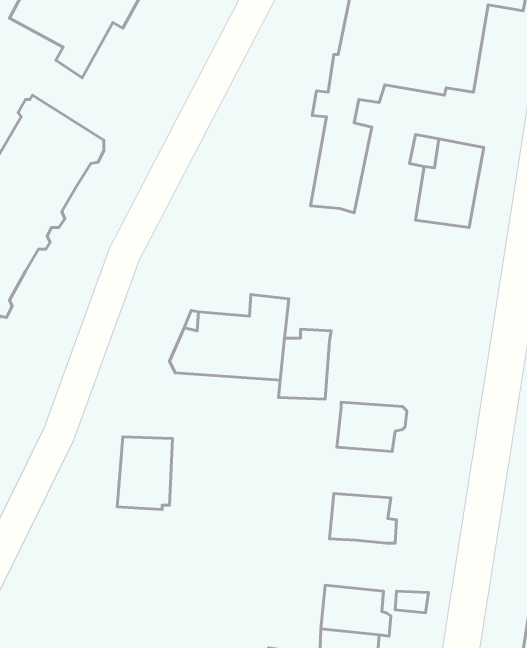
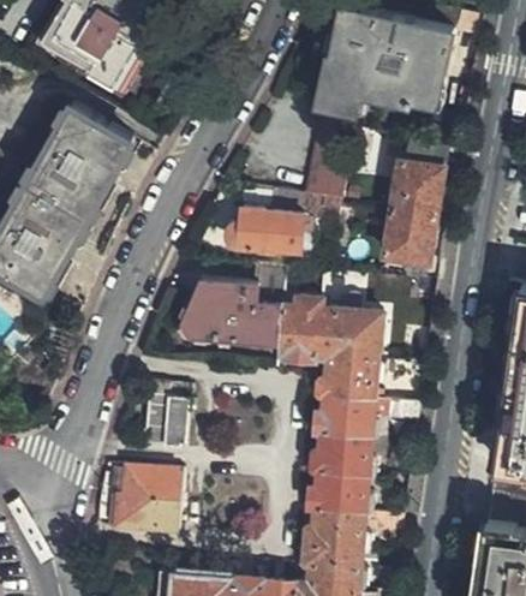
building: none -> [225,195,325,258]
building: none -> [381,210,432,263]
building: none -> [313,298,381,364]
building: none -> [321,398,414,440]
building: none -> [113,471,181,534]
building: none -> [313,473,370,517]

